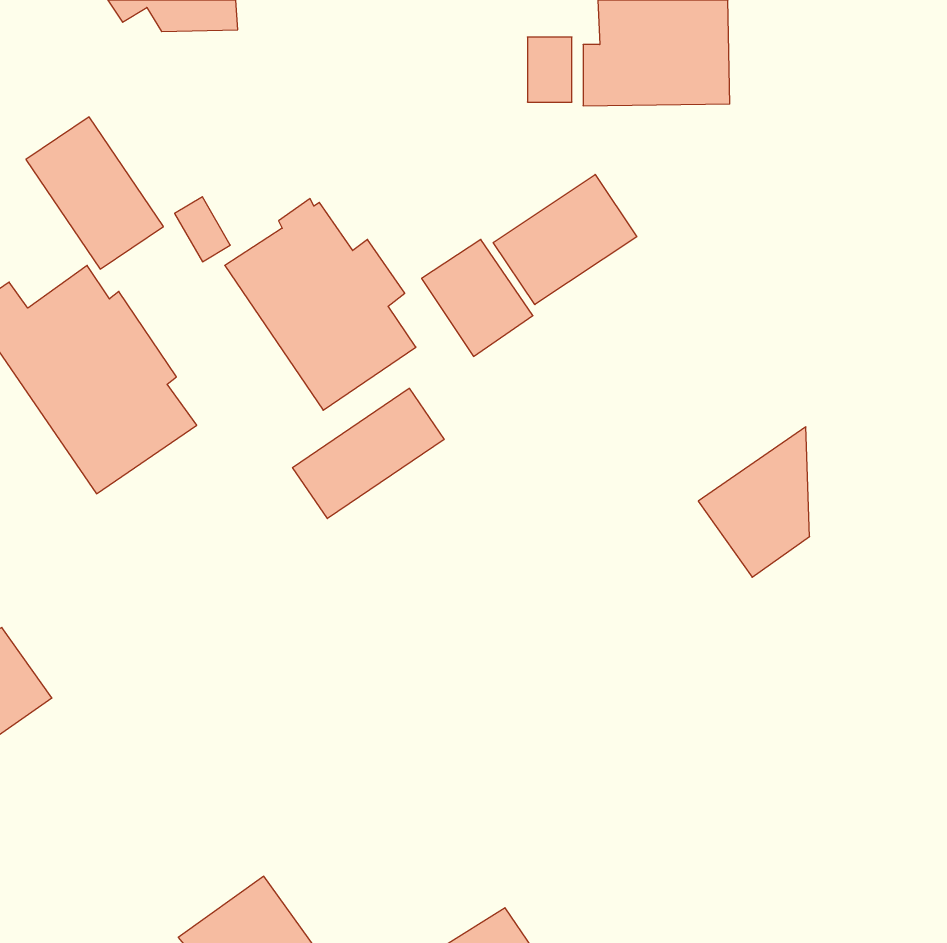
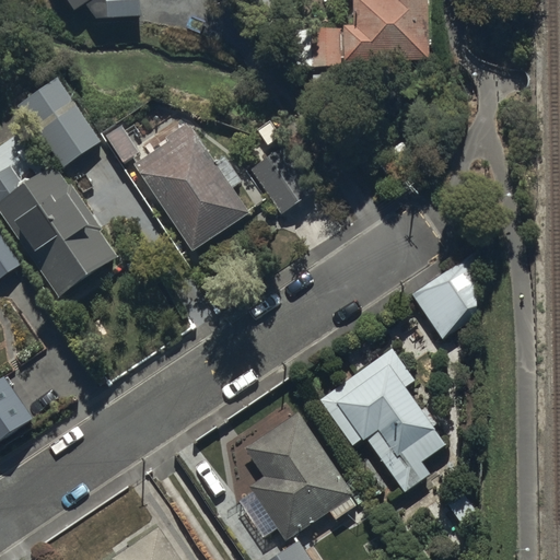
building: [493,174,637,305] -> none
building: [293,388,444,519] -> none
building: none -> [319,352,446,495]
building: none -> [237,409,353,538]

